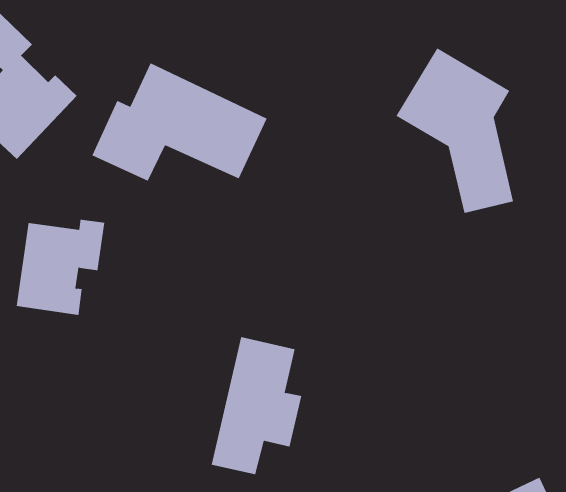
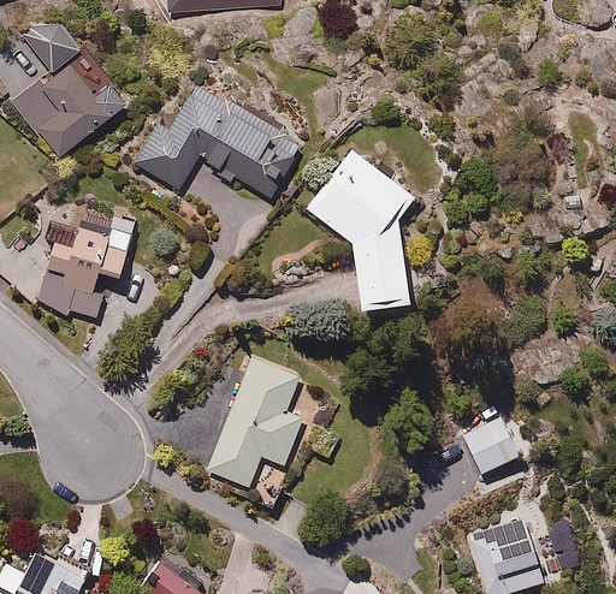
building: [396,48,514,213] -> [304,145,417,308]
building: none -> [457,414,521,475]

